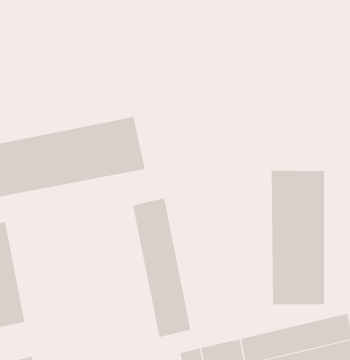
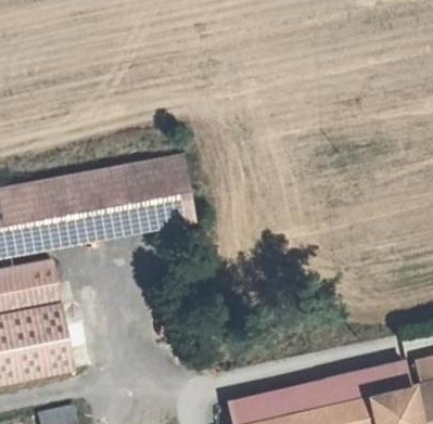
building: [271,170,325,305] -> none
building: [133,197,191,338] -> none

